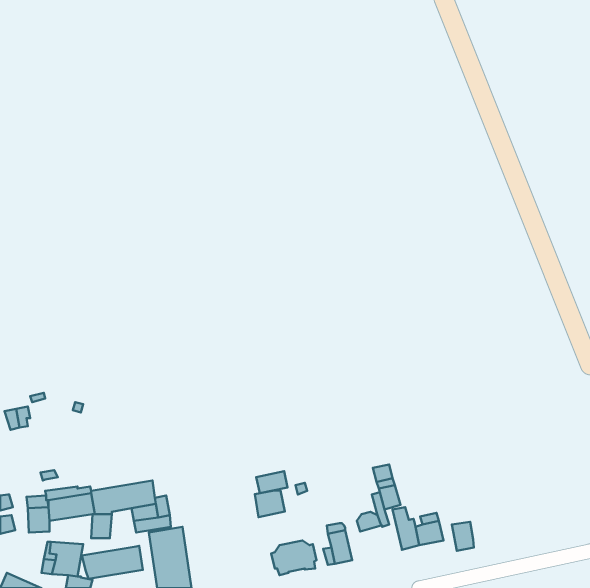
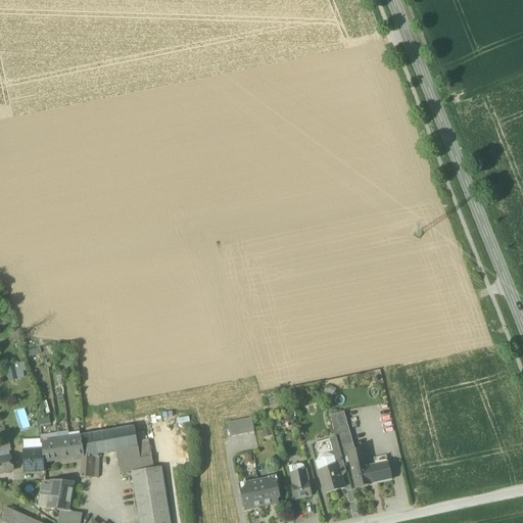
building: [255,490,285,517] -> none
building: [452,522,474,551] -> none
building: none -> [319,465,344,491]
building: [82,546,143,579] -> none

